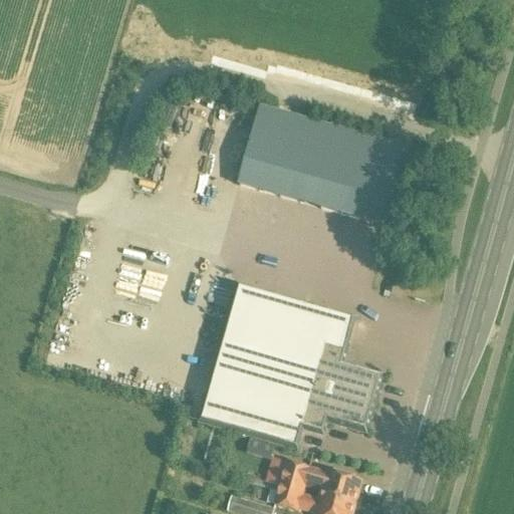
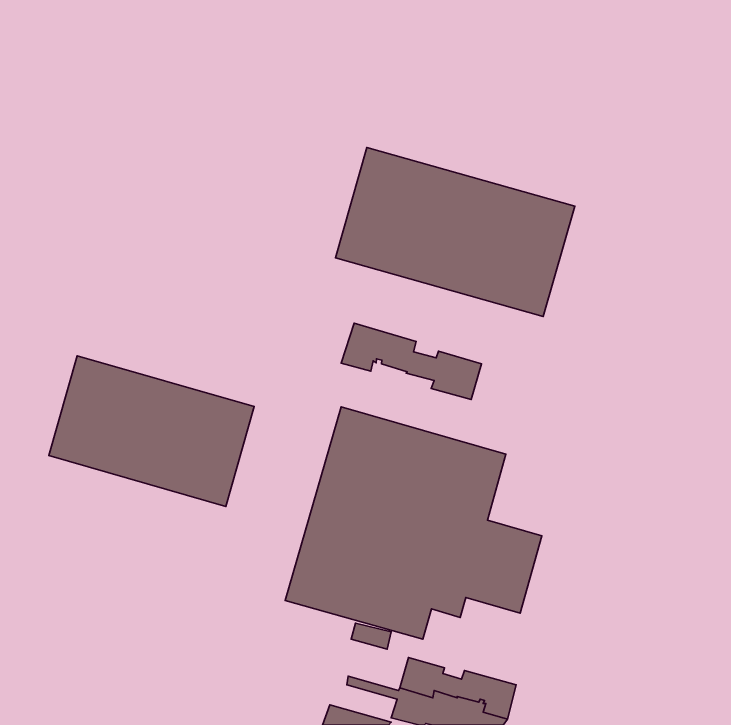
building: none -> [341,323,481,399]
building: none -> [49,356,254,506]

